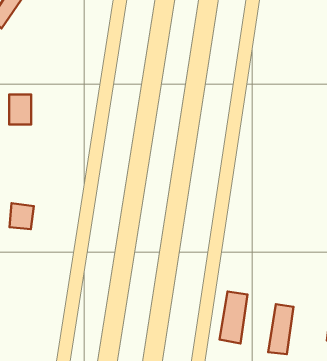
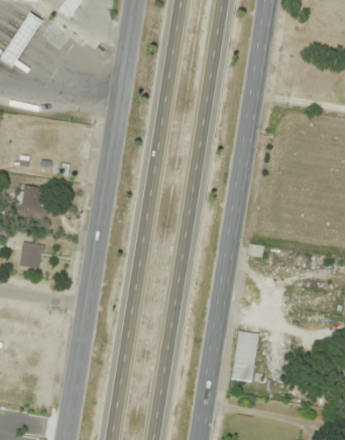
building: [9,94,31,125] -> [22,187,44,217]
building: [268,304,293,354] -> none

